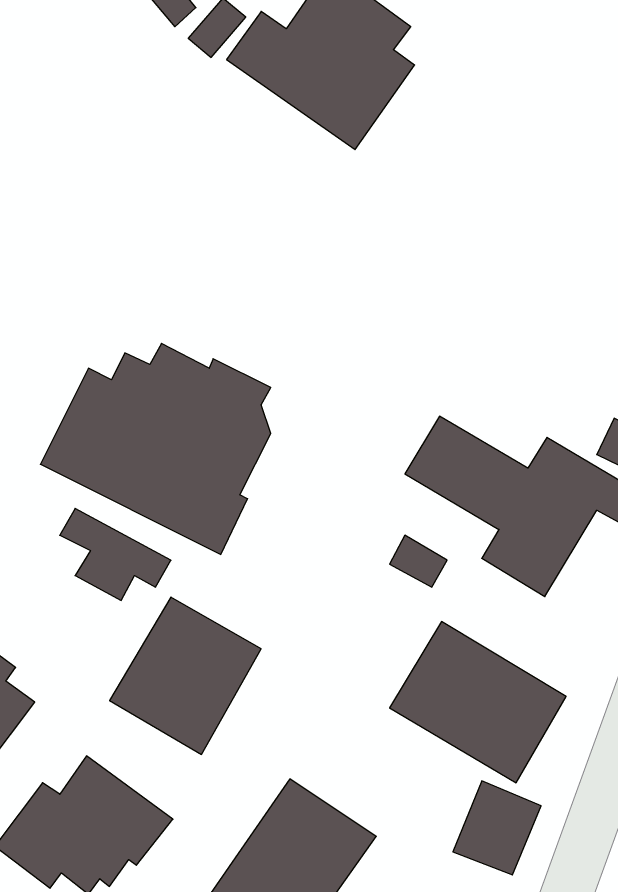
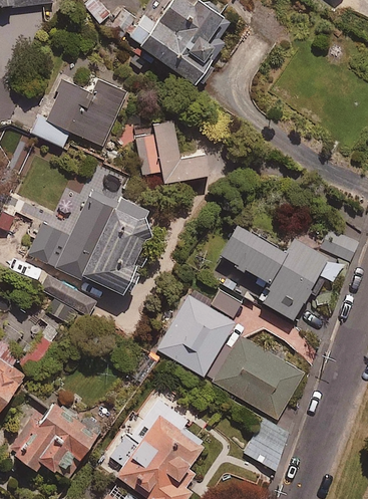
building: none -> [32,78,126,145]
building: none -> [123,115,209,178]
building: [110,597,261,754] -> [155,294,235,377]

